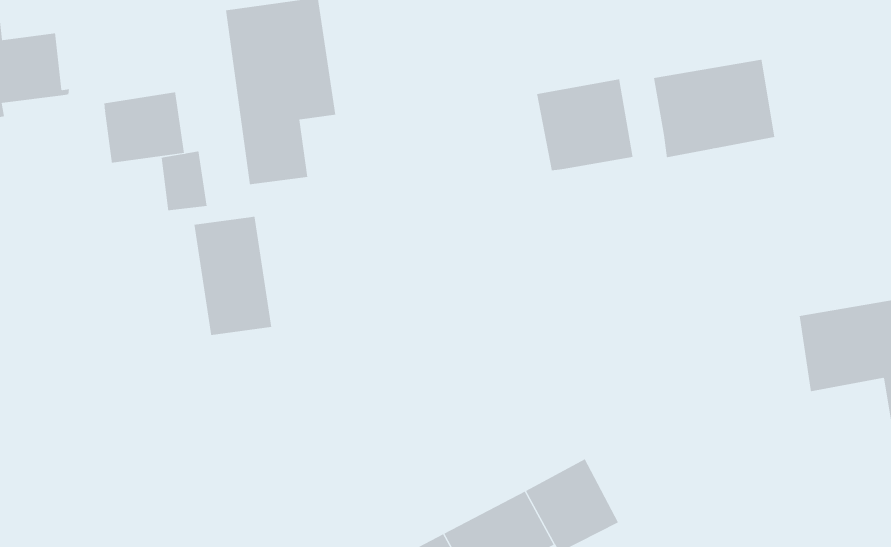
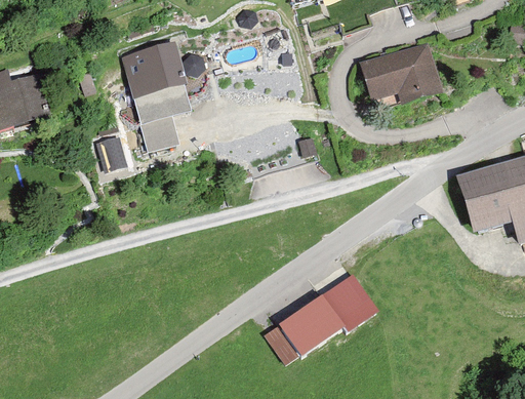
building: [536,78,633,171] -> none
building: [104,92,185,163] -> none
building: [194,216,272,336] -> none

